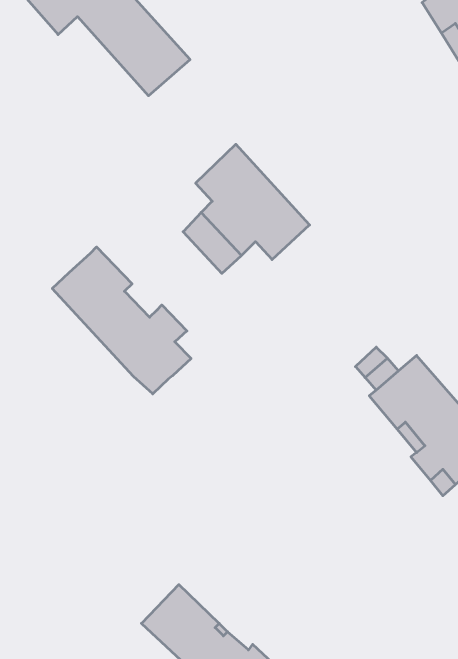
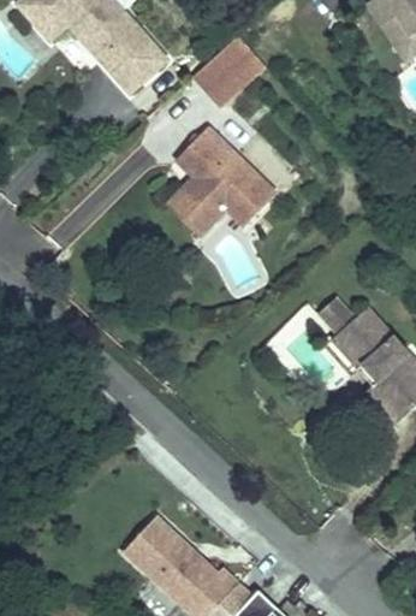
building: none -> [195,35,266,105]
building: [52,247,191,394] -> none

